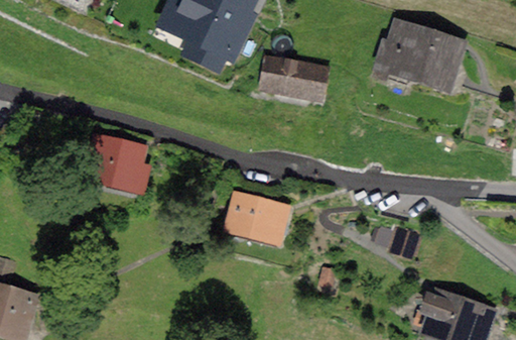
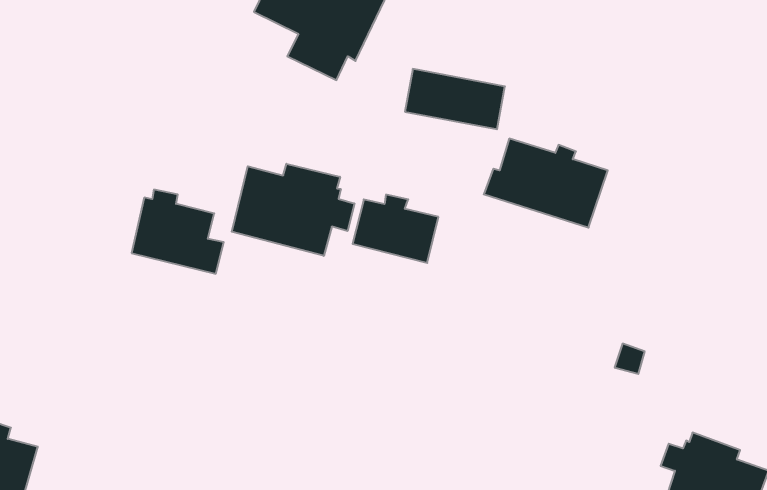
building: [381,26,460,83] -> [484,139,608,228]
building: none -> [232,164,354,256]
building: [233,196,287,239] -> [353,195,438,263]

